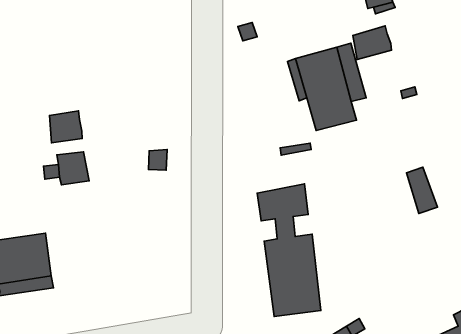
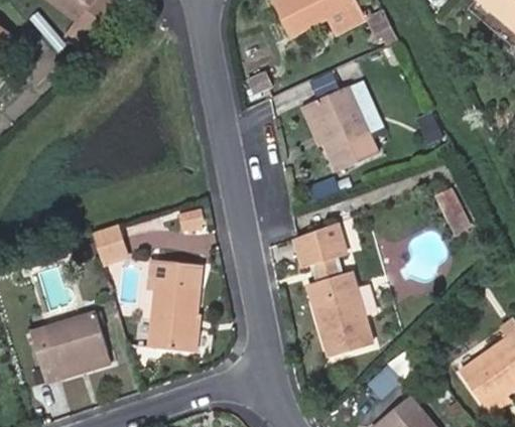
building: [353,26,392,60] -> none
building: [49,111,82,143] -> none
building: none -> [149,262,200,351]

